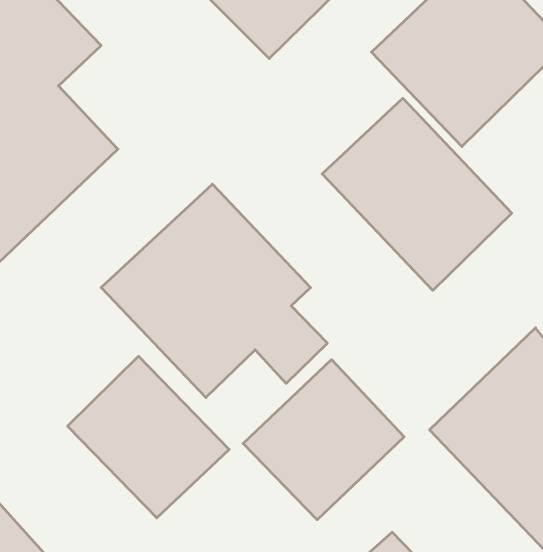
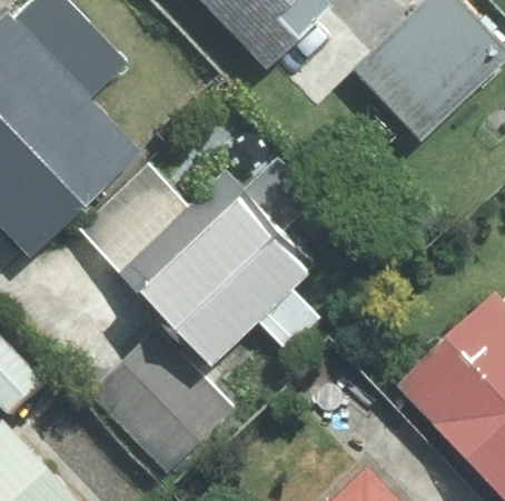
building: [322,98,512,290] -> none
building: [243,360,404,520] -> none

